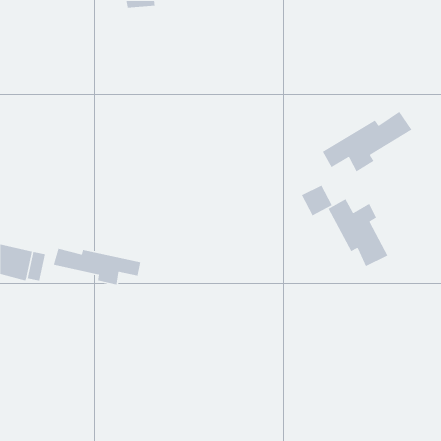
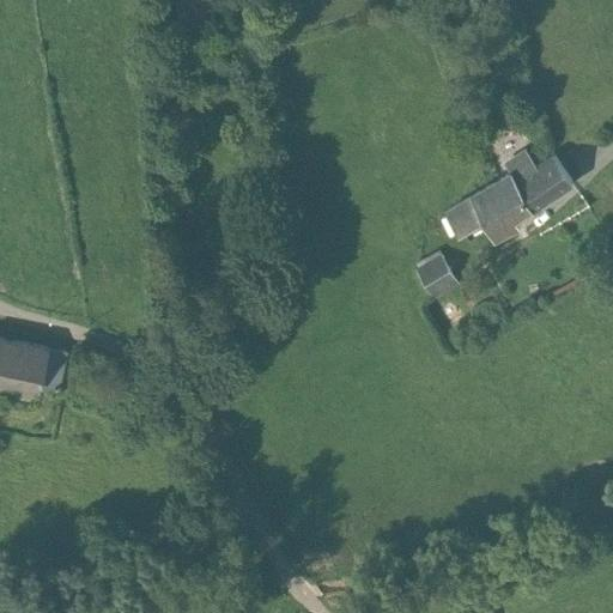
building: [327,198,388,267] -> none
building: [53,248,141,285] -> none

